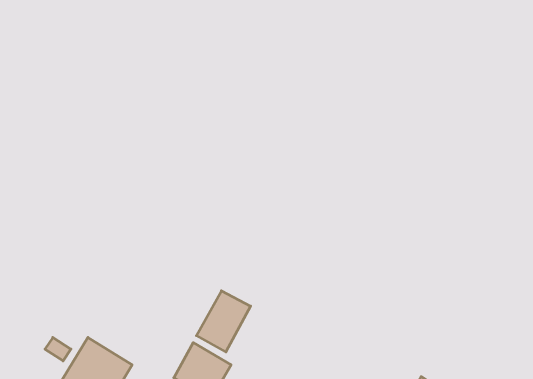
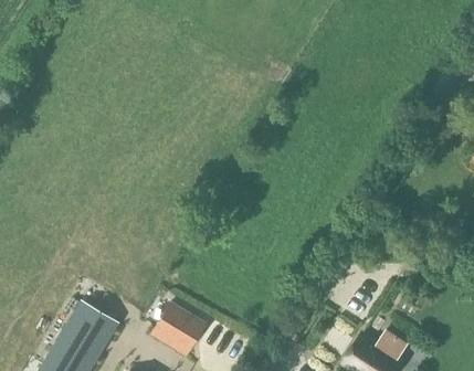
building: [196,291,251,352] -> none

